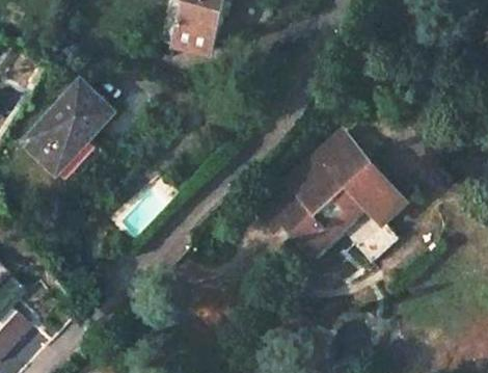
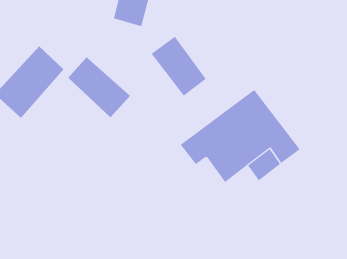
building: none -> [151,36,206,97]
building: none -> [68,57,131,118]

